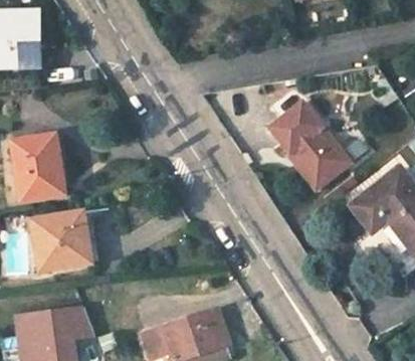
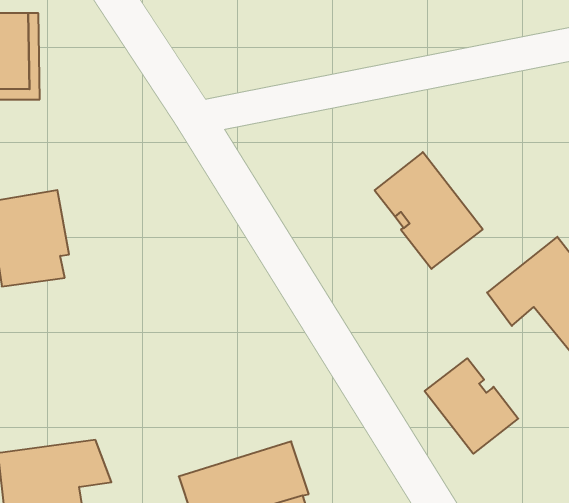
building: [30,211,90,270] -> none
building: none -> [425,358,518,454]

